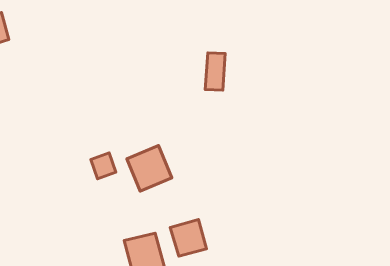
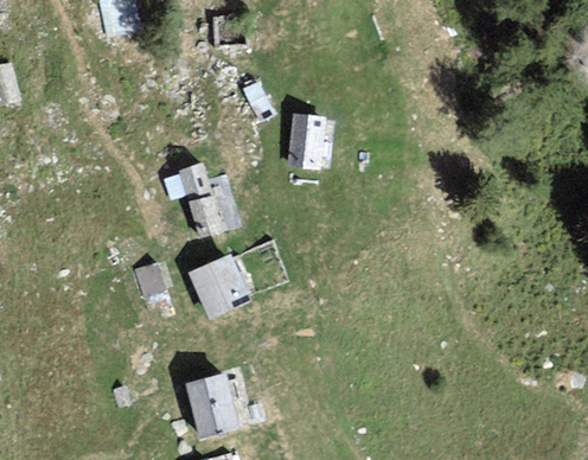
building: none -> [177,162,222,236]
building: [170,220,206,256] -> none

